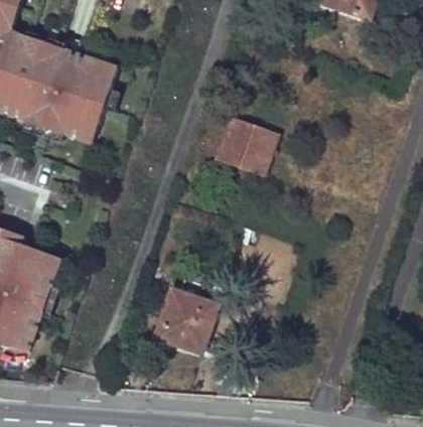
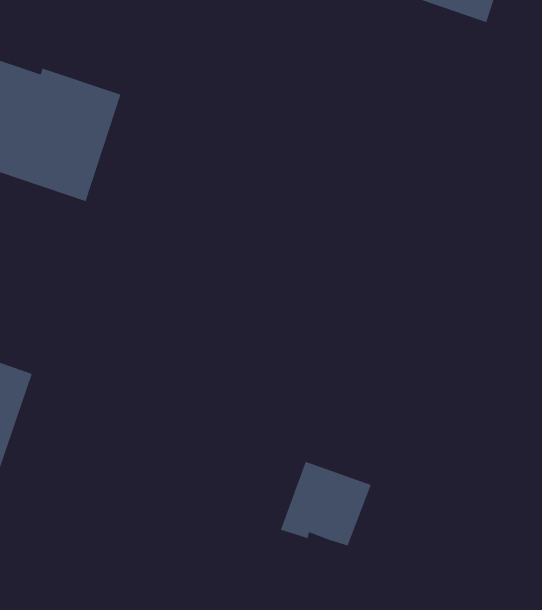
building: [215,119,276,173] -> none
building: [153,289,216,347] -> [280,461,372,546]

